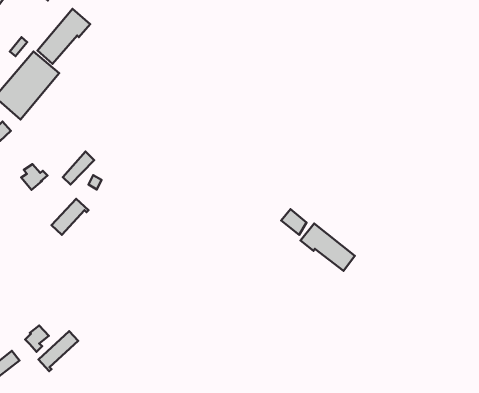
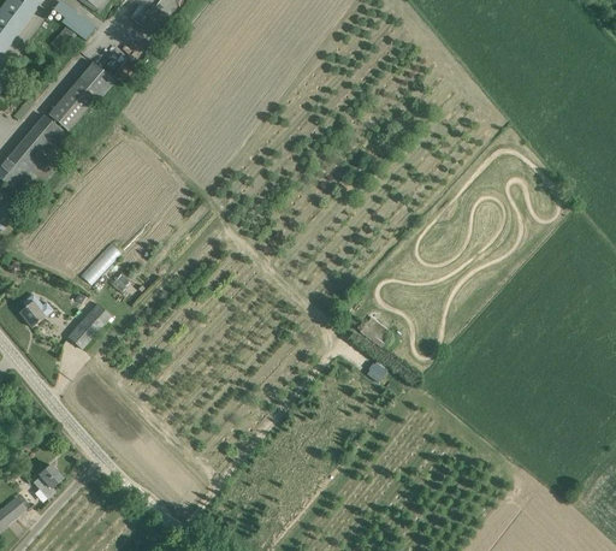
building: [21,164,48,190] -> [18,294,52,326]
building: [300,223,355,271] -> none
building: [38,331,78,371] -> none

